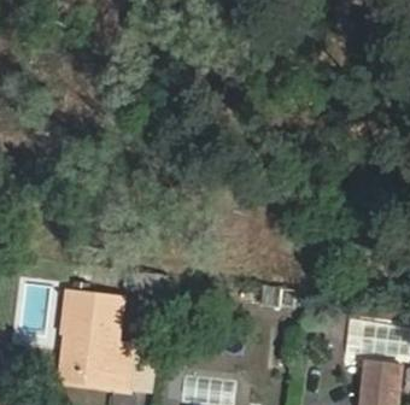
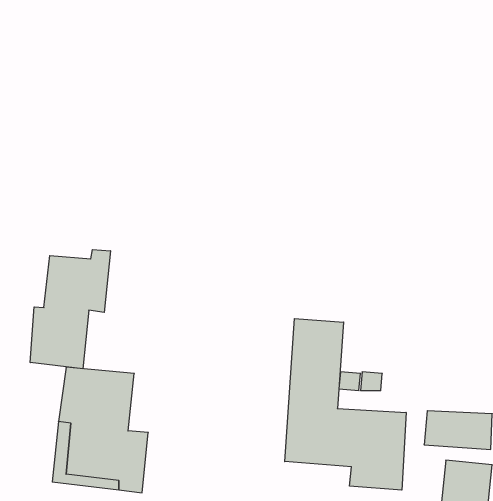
building: none -> [30,250,110,369]
building: none -> [285,319,406,490]

